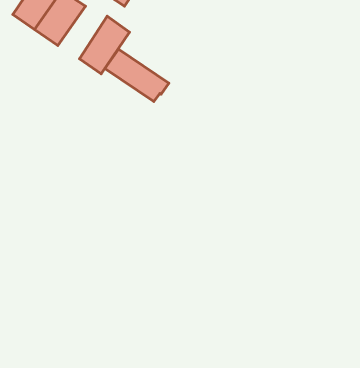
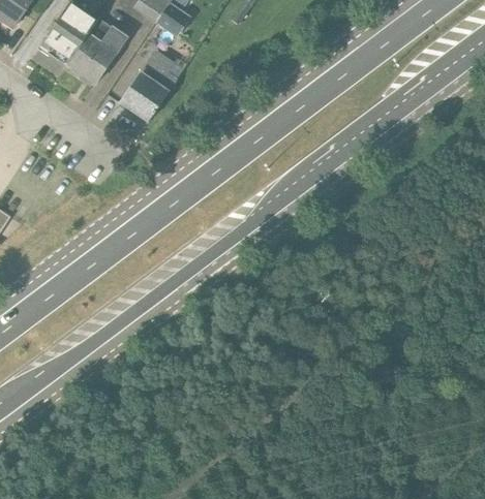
building: [105,49,169,102] -> none

